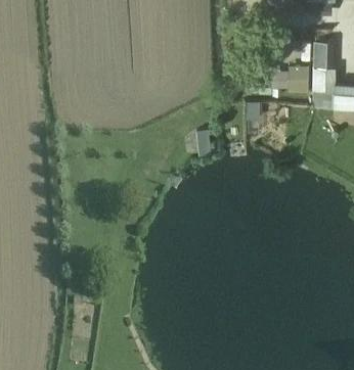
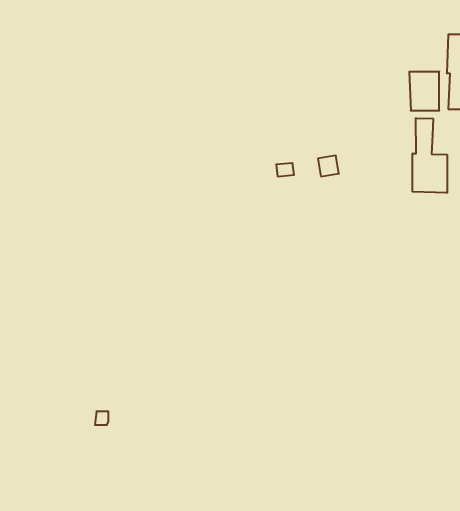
building: none -> [413,118,447,193]

